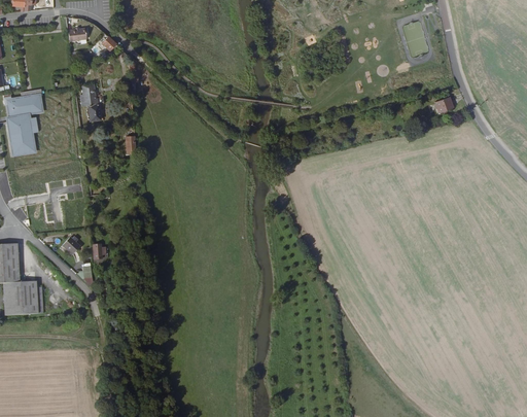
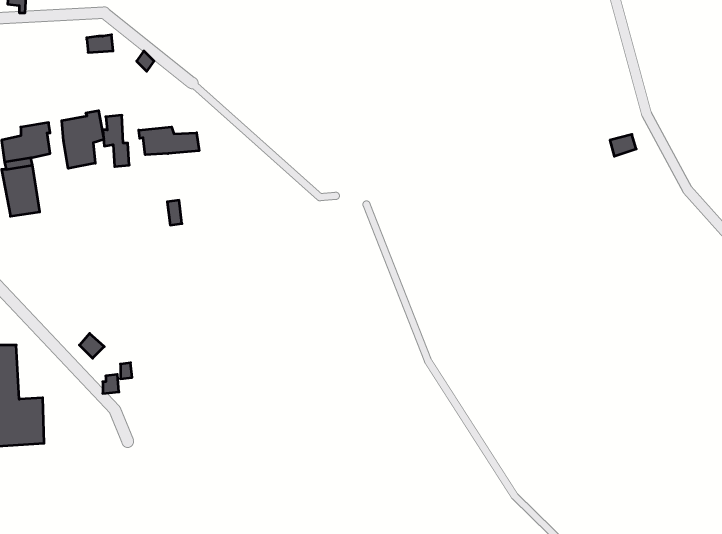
building: none -> [62,111,104,168]
building: none -> [139,127,199,155]

